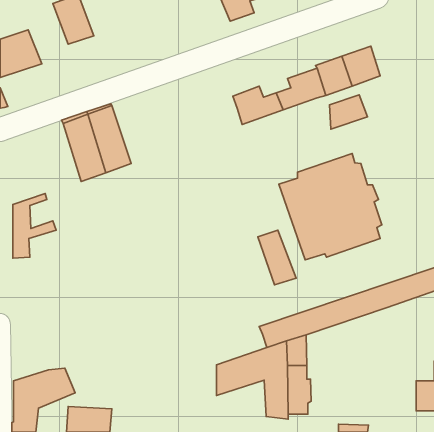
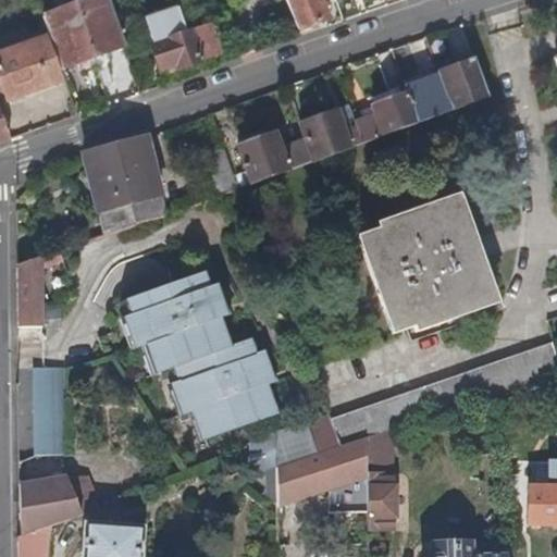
building: none -> [39,4,89,66]
building: none -> [139,4,215,72]
building: [330,95,368,129] -> none
building: none -> [236,132,311,181]
building: none -> [132,271,281,437]
building: [258,230,296,285] -> none
building: none -> [33,366,65,453]

